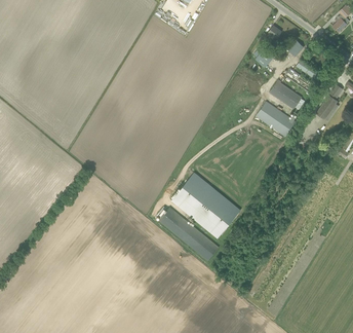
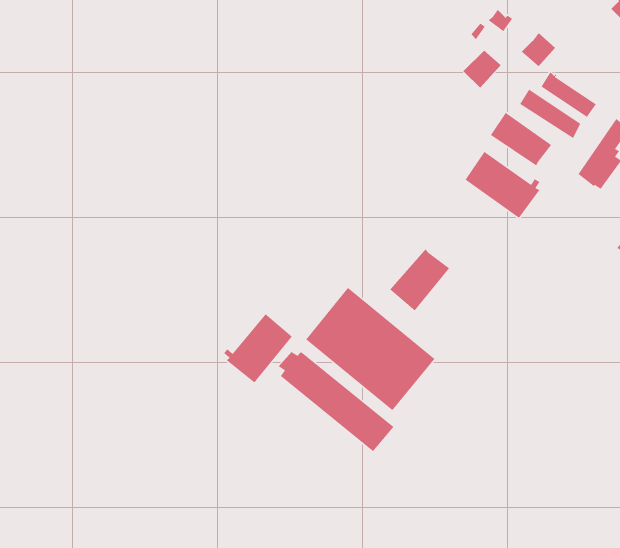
building: none -> [389,248,450,311]
building: none -> [223,313,293,383]

